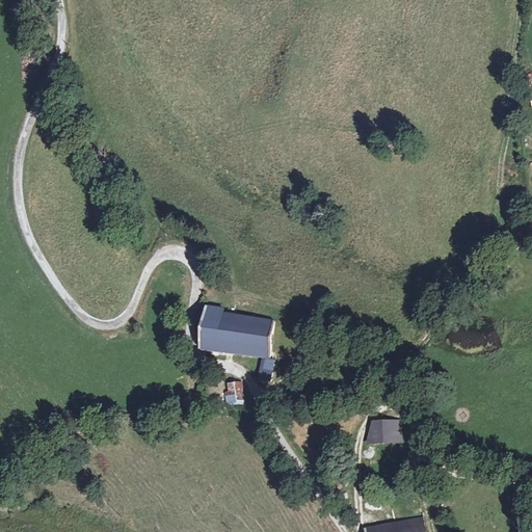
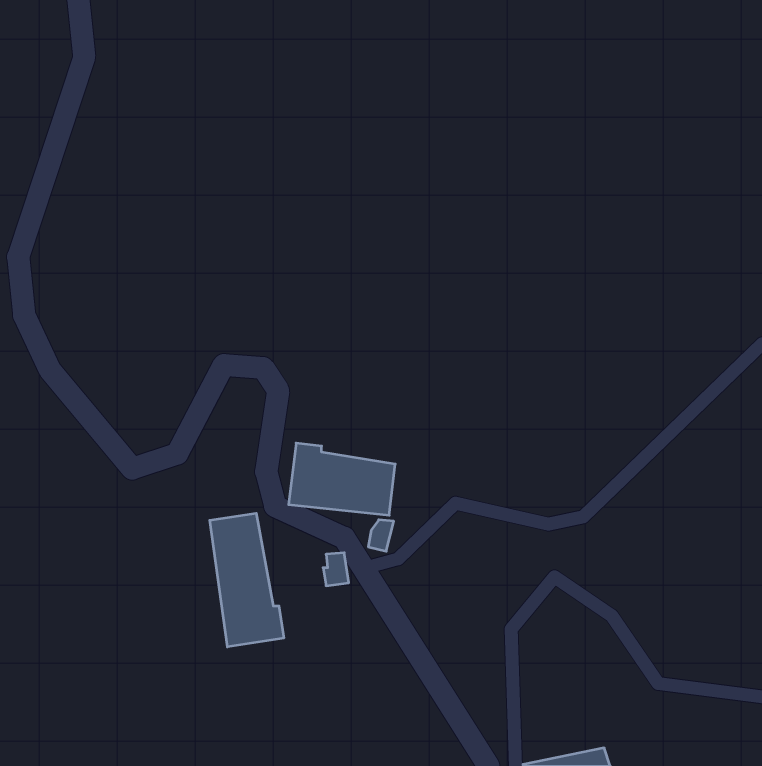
building: none -> [210,513,284,647]
building: [366,421,398,443] -> none

